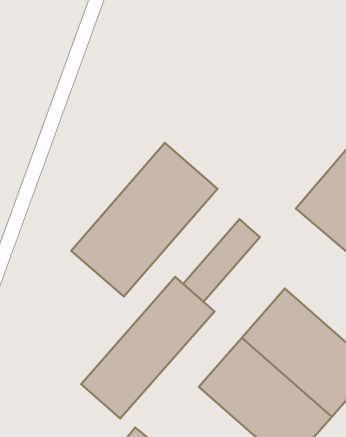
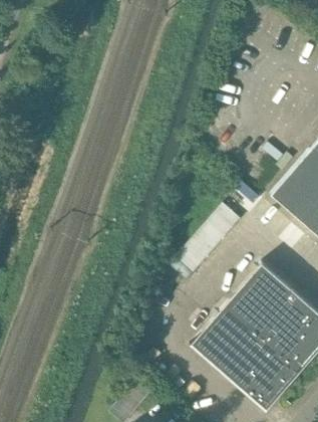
building: [71,143,217,297] -> none
building: [81,277,214,419] -> none

